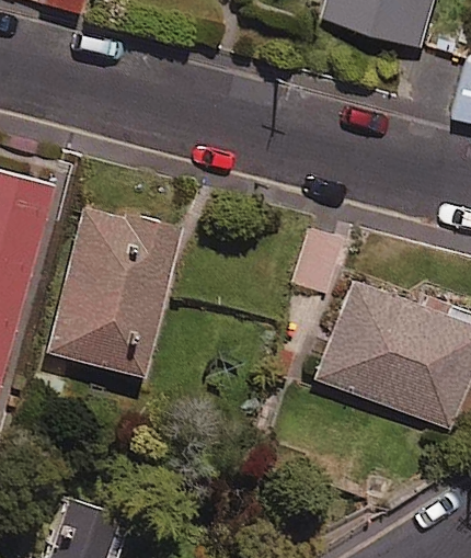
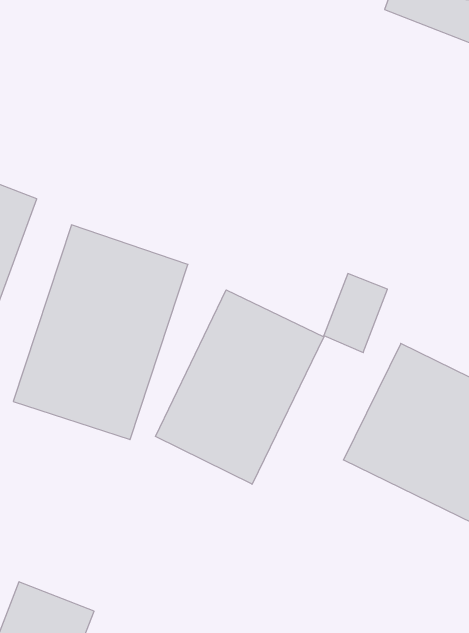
building: none -> [155,290,324,484]

